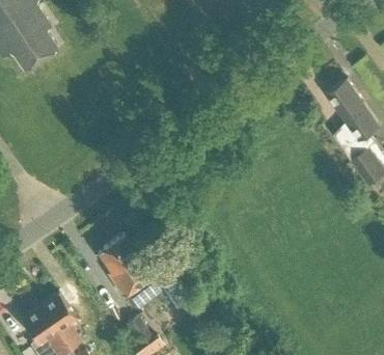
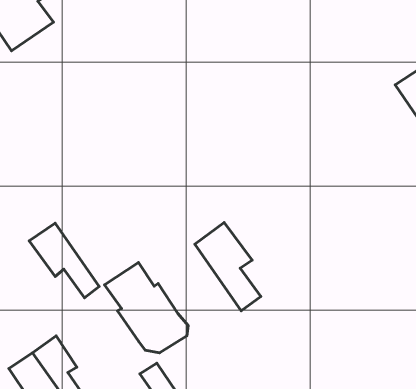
building: none -> [195,223,261,311]
building: none -> [29,223,99,298]

